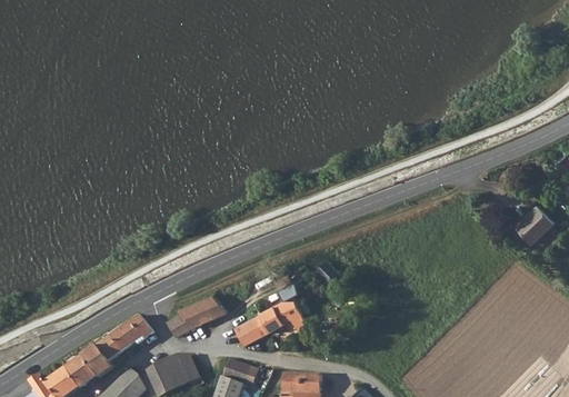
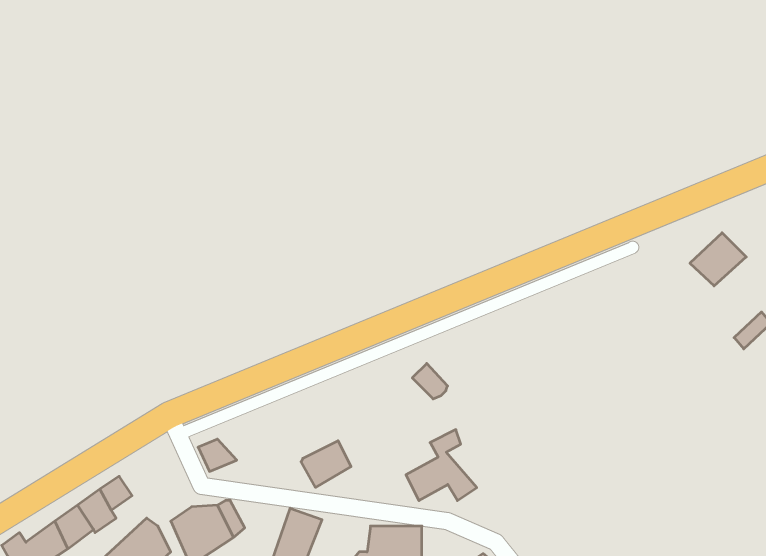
building: [513,206,552,242] -> [690,233,746,286]
building: [262,281,311,330] -> [406,430,477,501]
building: [179,295,224,327] -> none
building: [111,316,149,350] -> none

